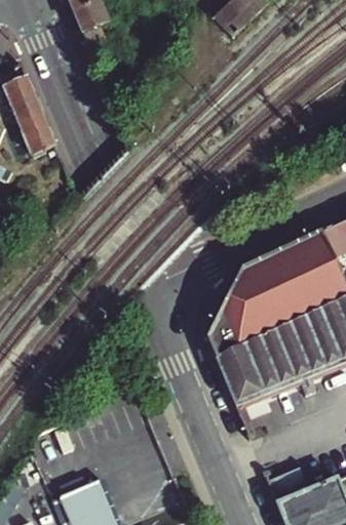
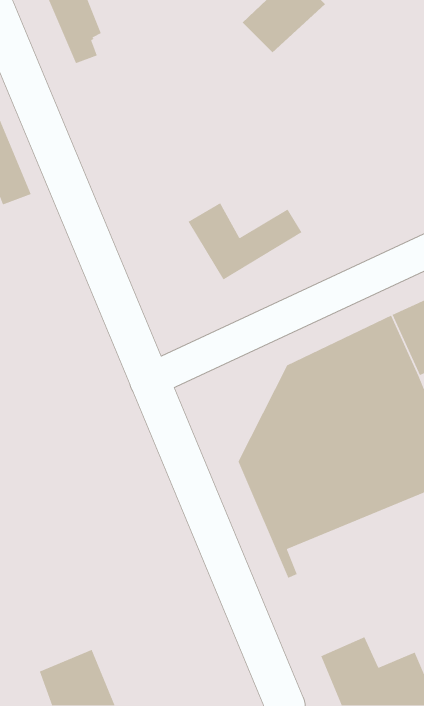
building: none -> [188,202,303,280]

